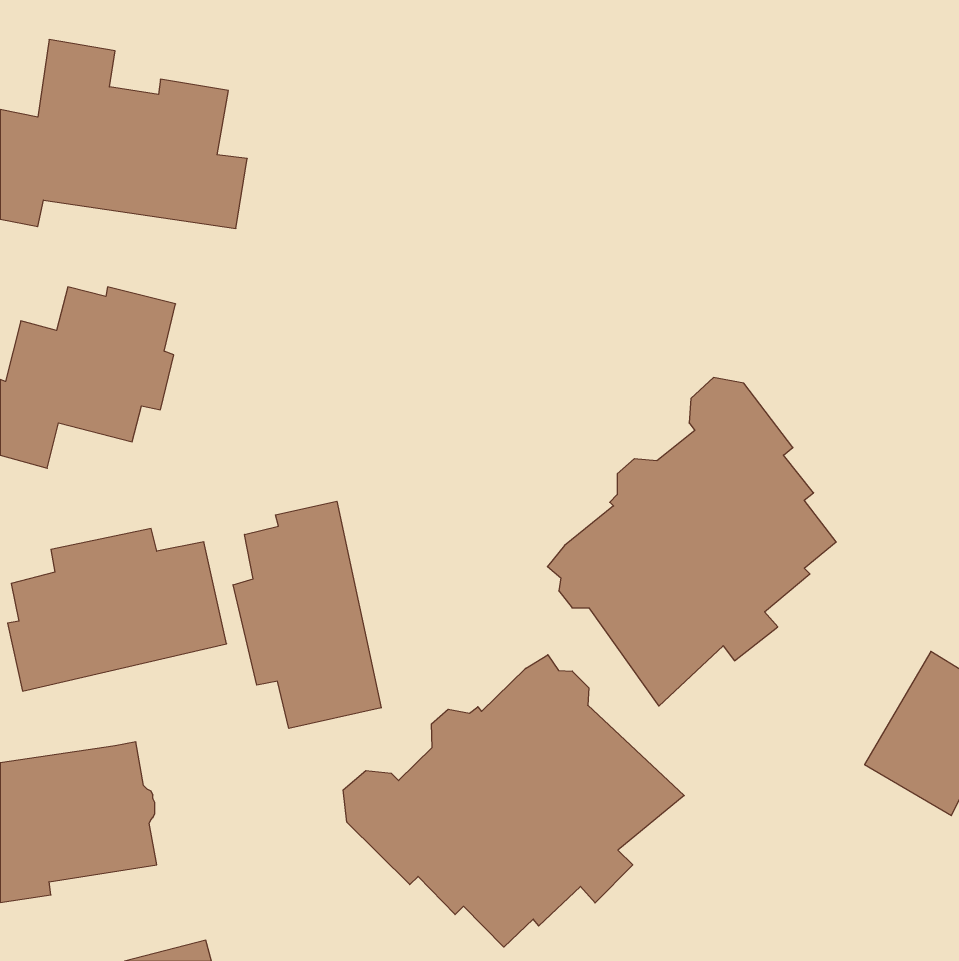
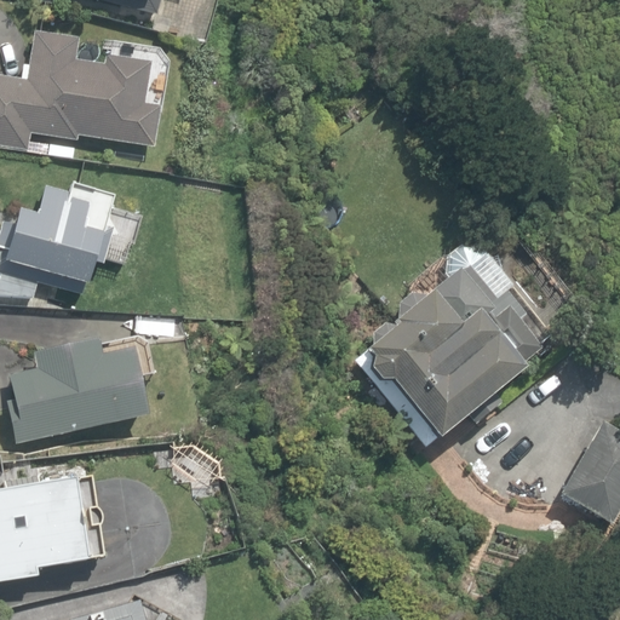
building: [233,501,381,728] -> none
building: [343,655,684,947] -> none

